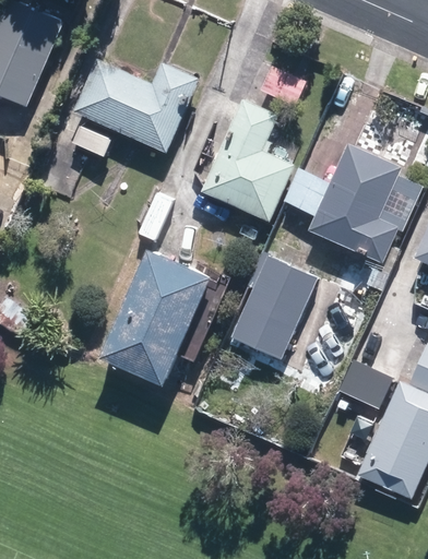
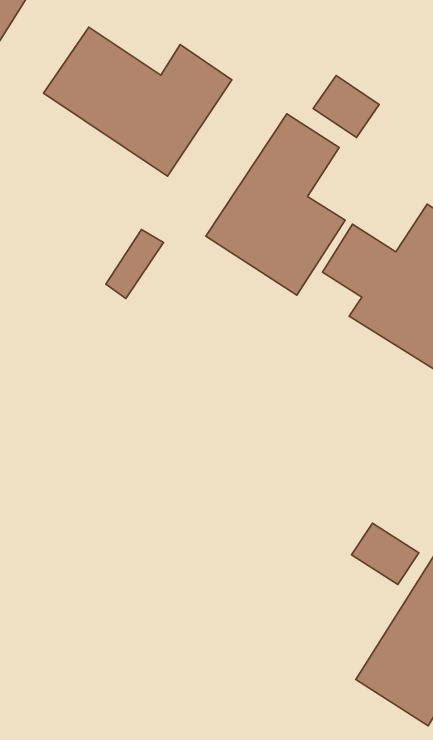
building: [105,246,217,384] -> none
building: [231,251,318,359] -> none

